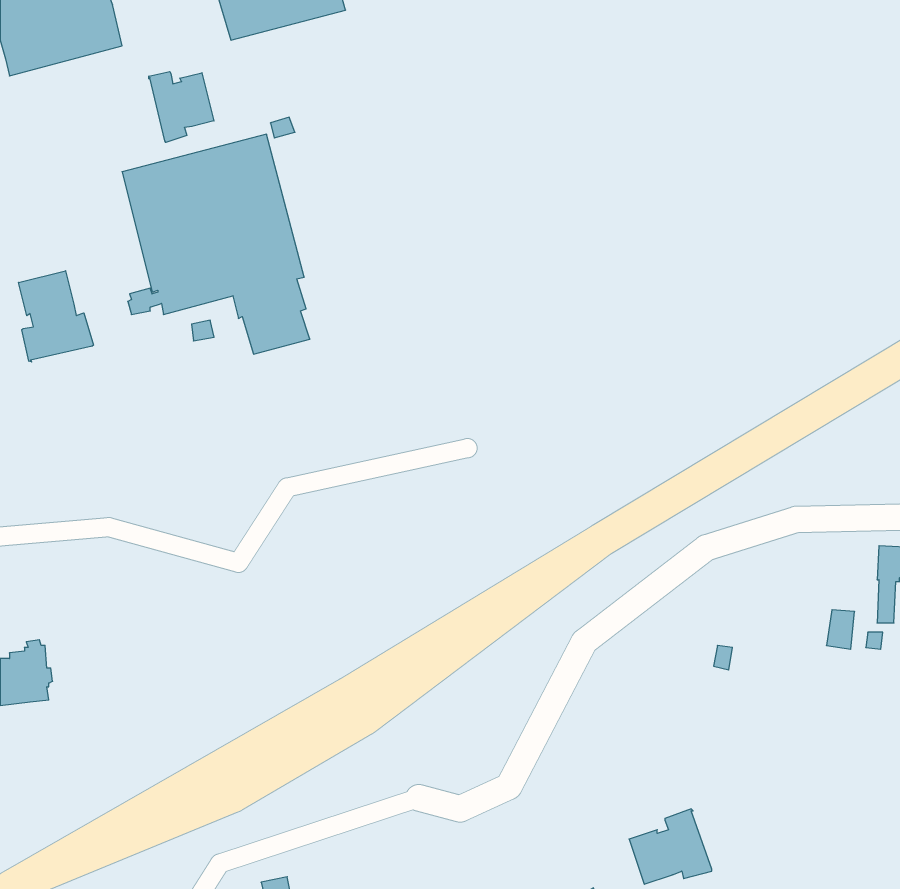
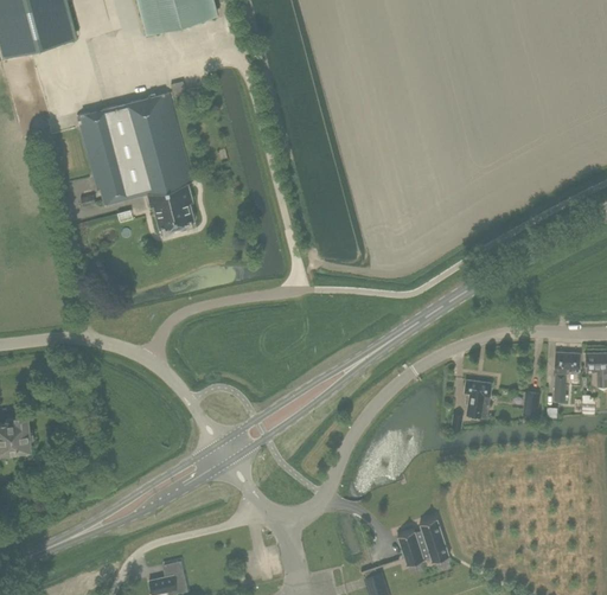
building: [149,72,214,142] -> none
building: [19,271,94,362] -> none
building: none -> [464,380,492,418]

